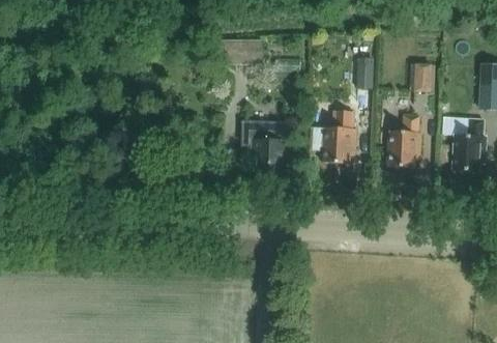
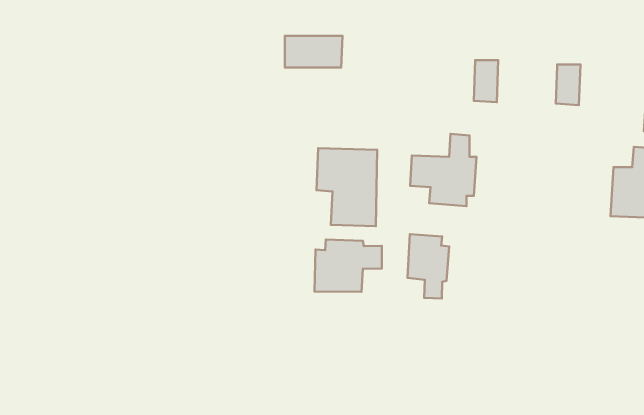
building: [387,114,422,166] -> none
building: none -> [407,234,449,298]
building: none -> [315,240,382,292]

